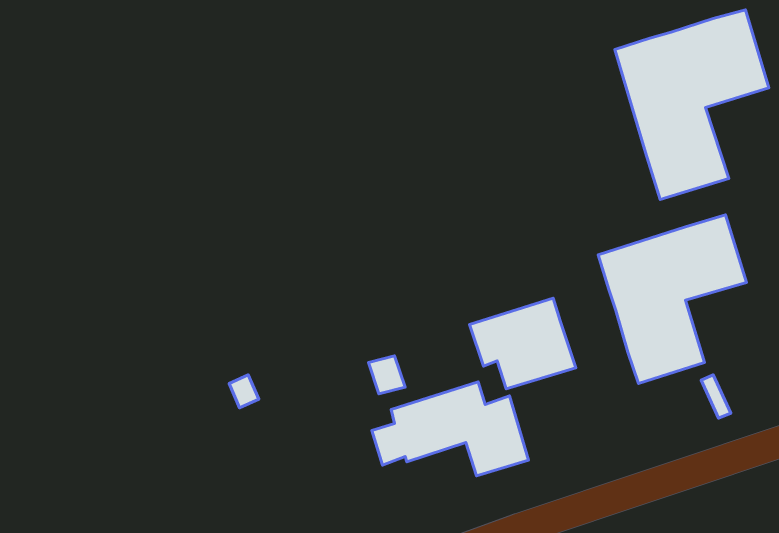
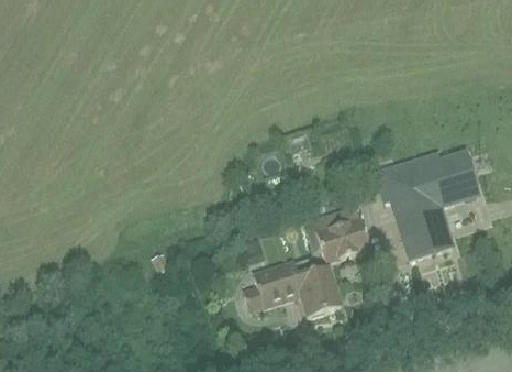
building: [615,10,769,200] -> none

